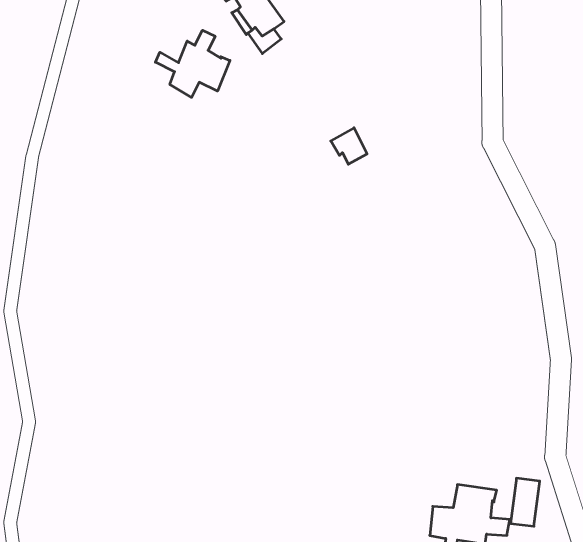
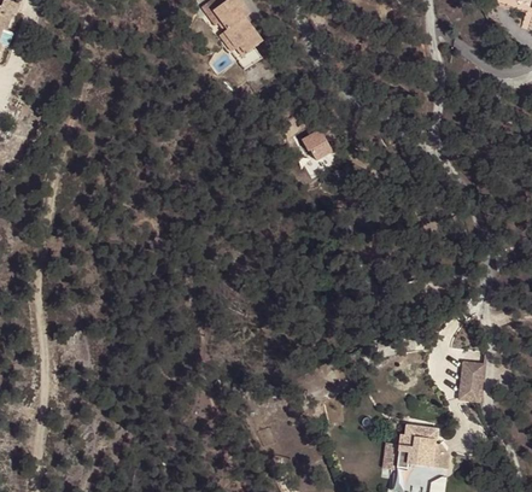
building: [155,30,230,97] -> none
building: [511,478,540,526] -> [460,362,484,402]

